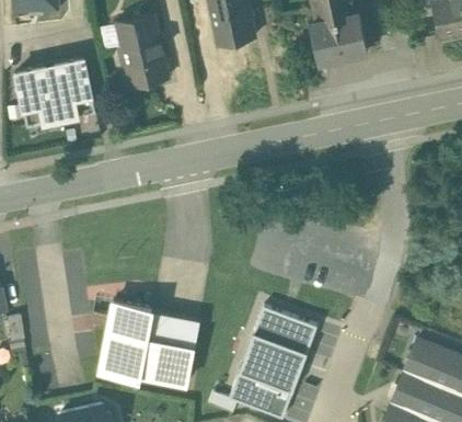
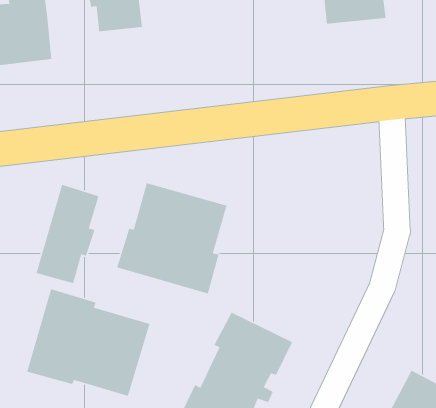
building: none -> [116,182,227,295]
building: none -> [35,184,99,284]

